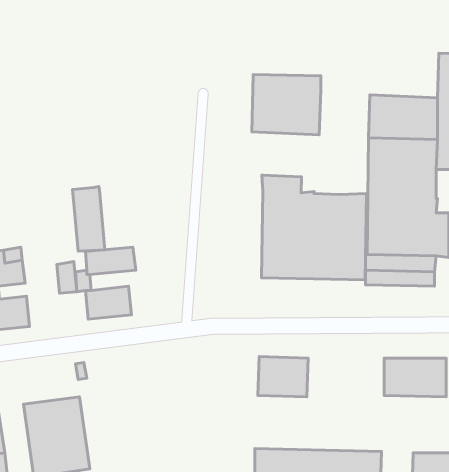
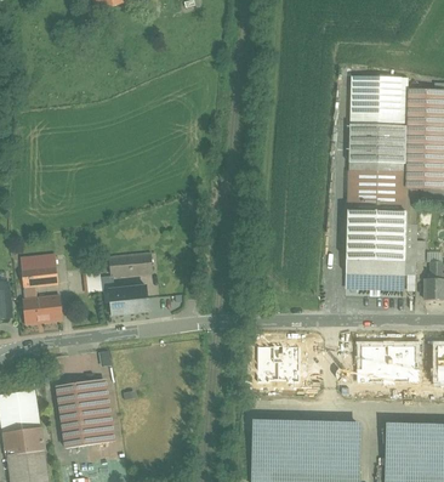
building: [252,74,321,135] -> [349,75,408,126]
building: [261,175,367,280] -> none
building: [73,186,105,251] -> none

